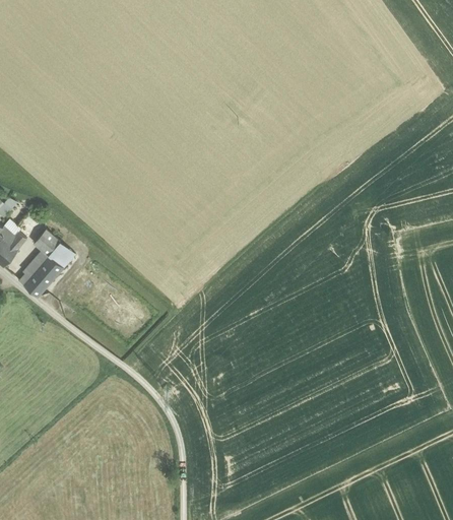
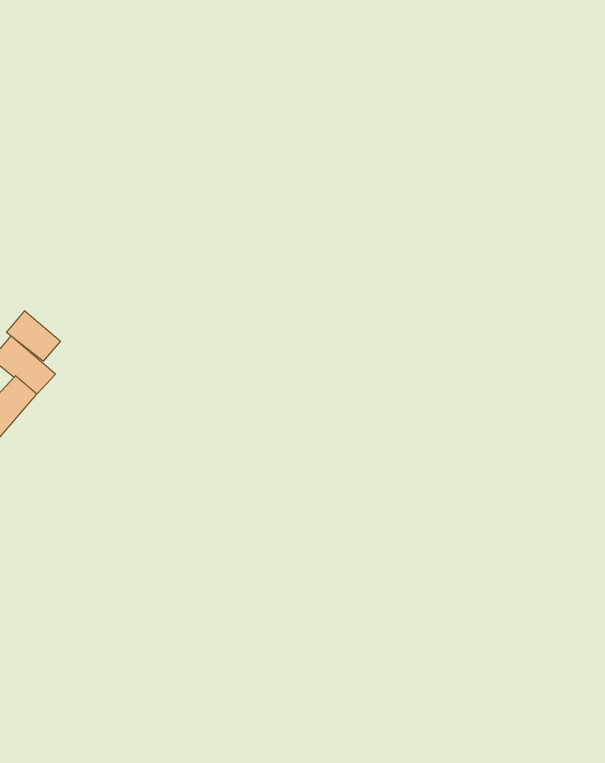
building: none -> [7,311,60,361]

